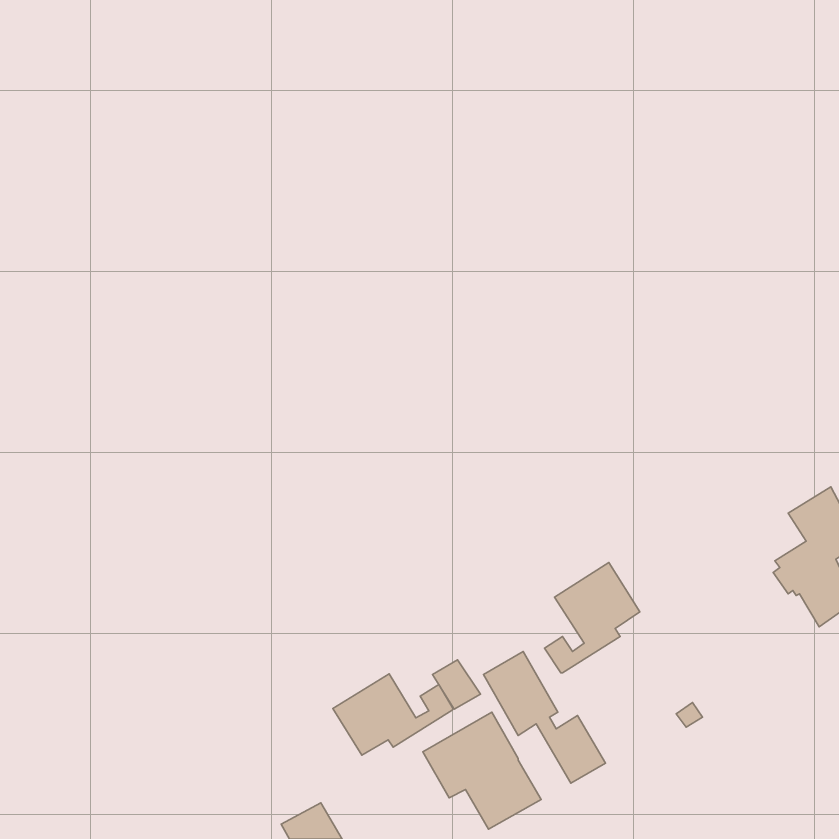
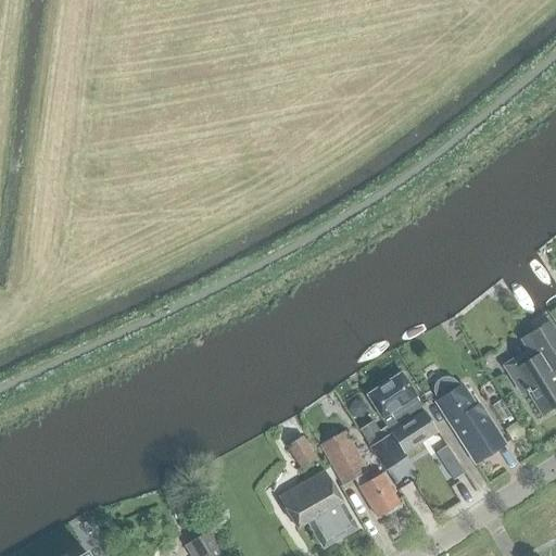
building: none -> [433,377,503,464]
building: none -> [372,410,447,468]
building: [333,674,453,755] -> none

